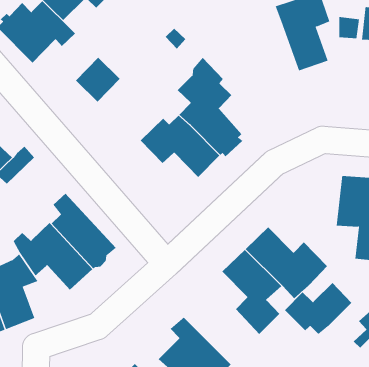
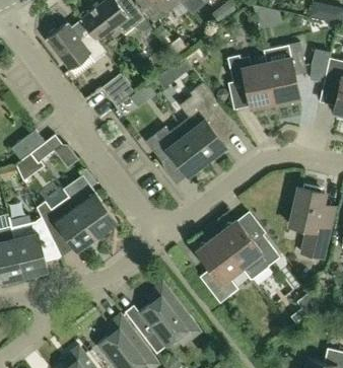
building: none -> [228,56,276,107]
building: [284,282,352,335] -> none

